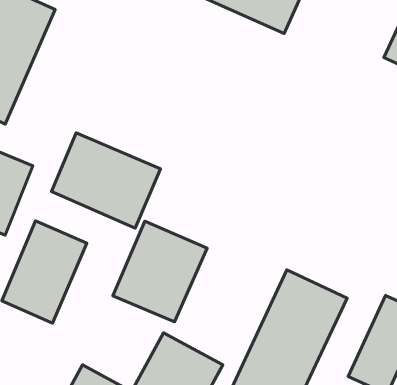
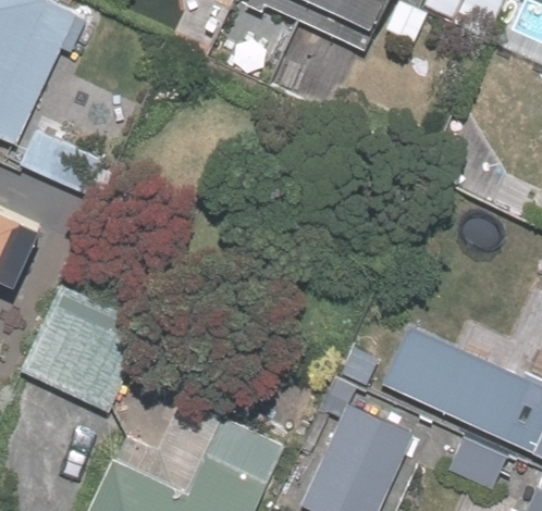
building: [51,133,161,228] -> none
building: [113,221,207,322] -> none

